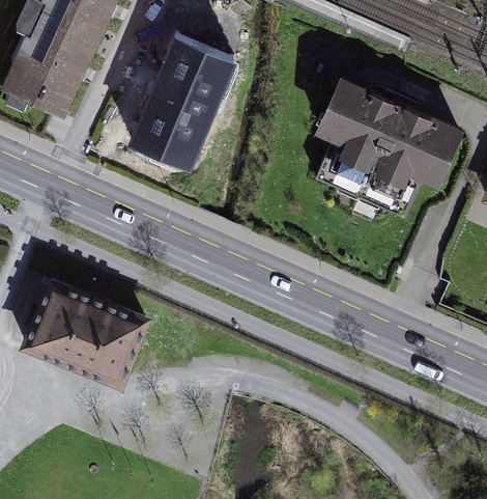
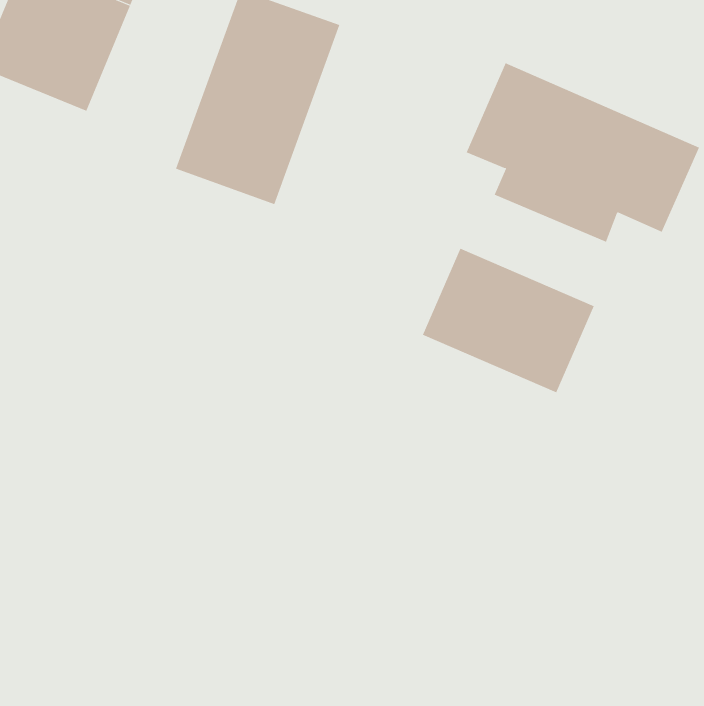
building: none -> [422,248,595,393]
building: [25,283,143,385] -> none

